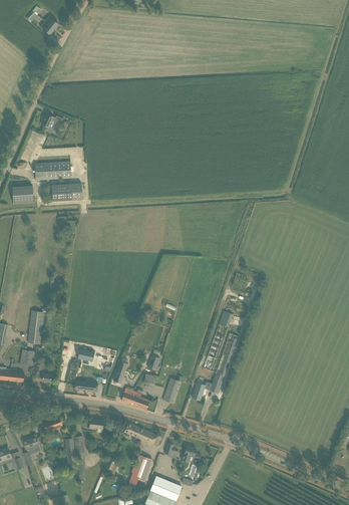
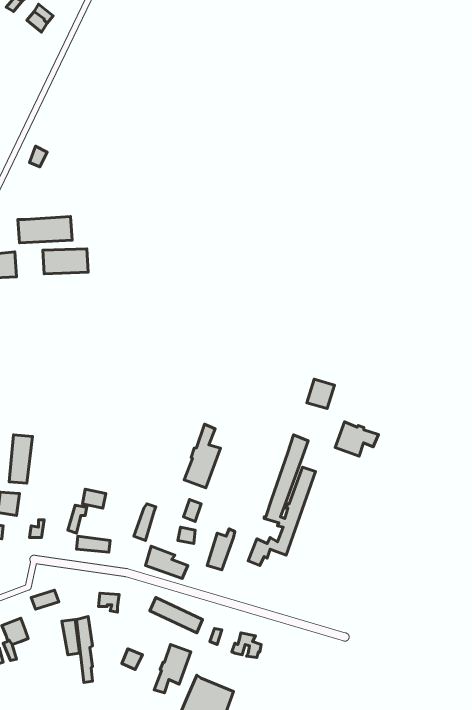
building: none -> [335,422,378,456]
building: none -> [184,424,220,488]

